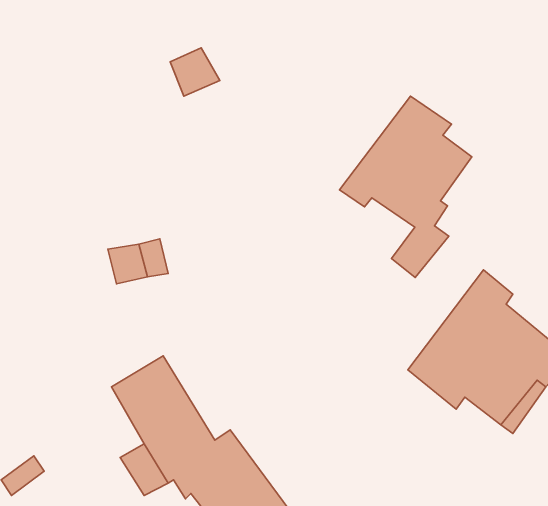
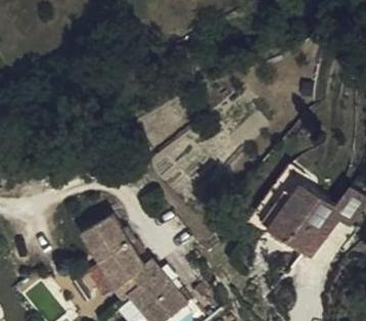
building: [340,96,472,278] -> none

